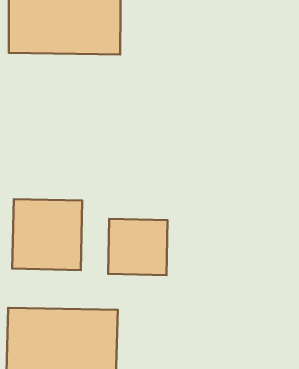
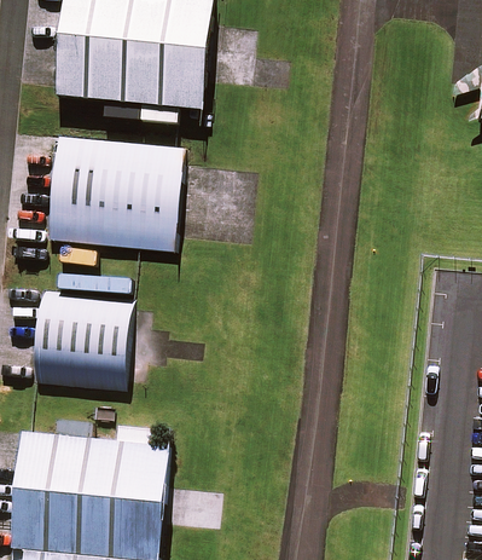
building: none -> [43,134,178,249]
building: [108,219,167,275] -> none

